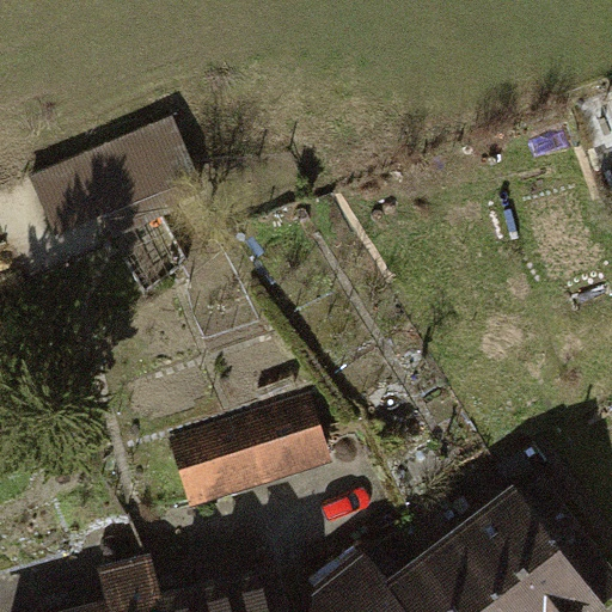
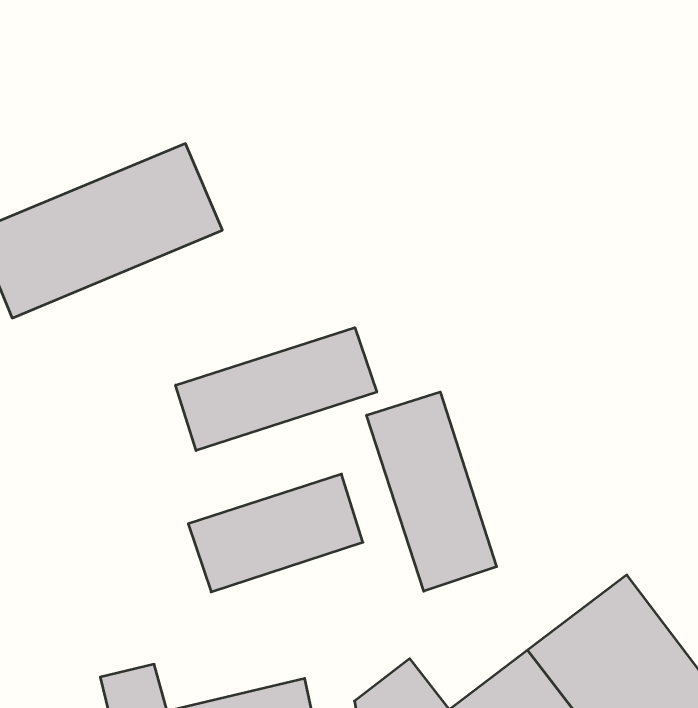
building: none -> [176,328,377,451]
building: none -> [367,392,497,591]

